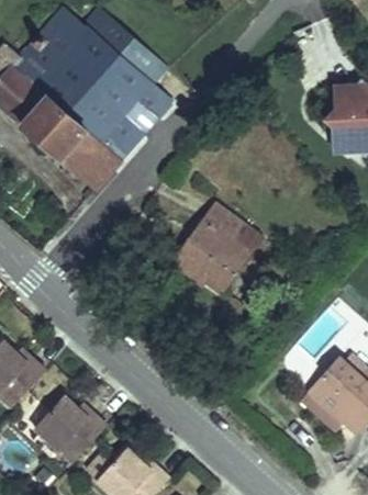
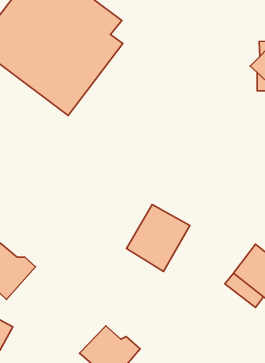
building: [175,205,254,289] -> [127,205,190,271]
building: [41,394,118,465] -> none

